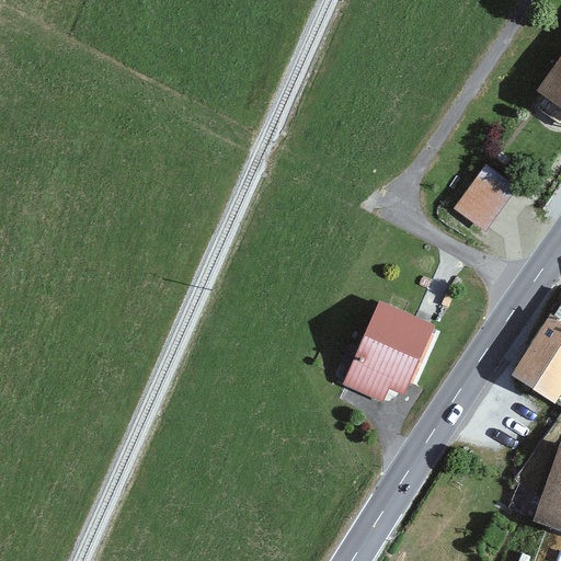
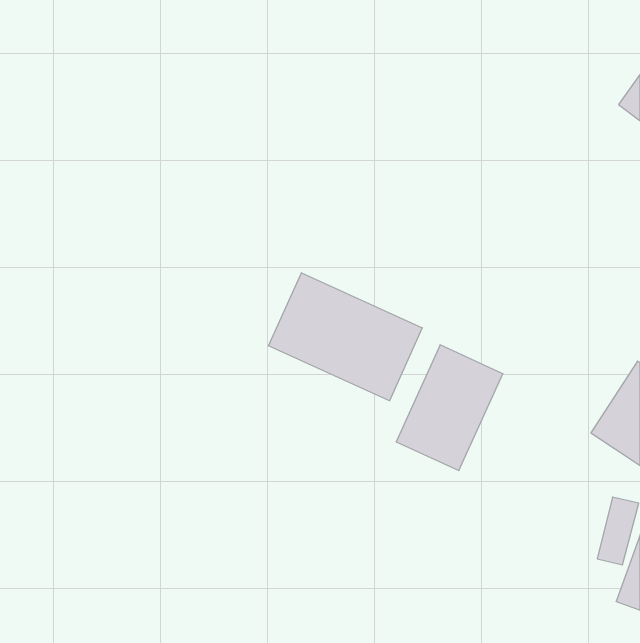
building: [453,159,517,228] -> none
building: none -> [269,273,422,401]

